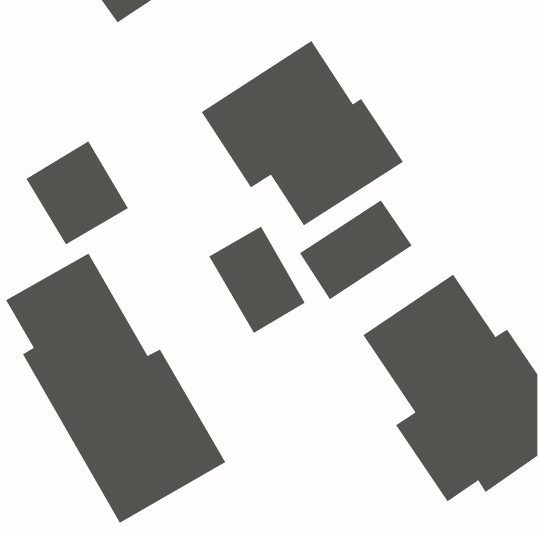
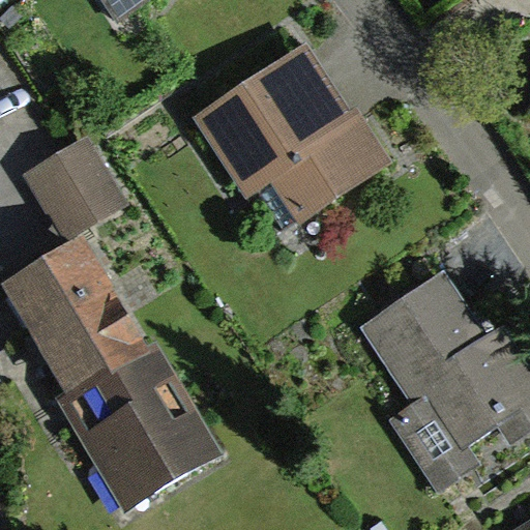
building: [299,200,412,300] -> none
building: [209,226,305,334] -> none

